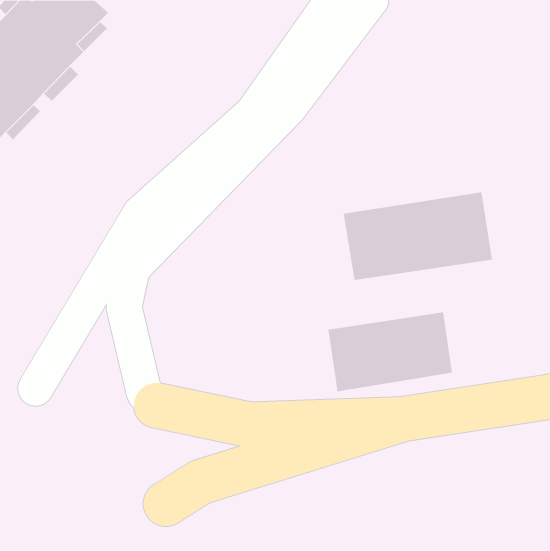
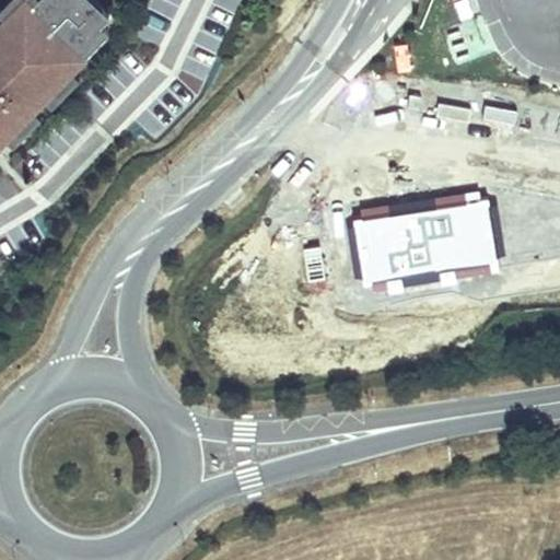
building: [328,311,453,392] -> none

